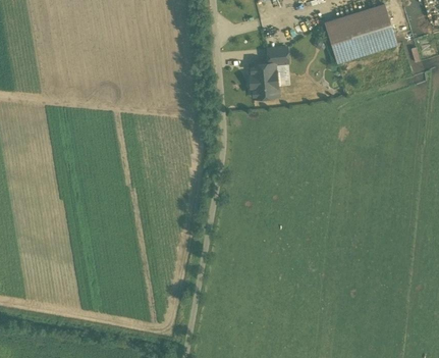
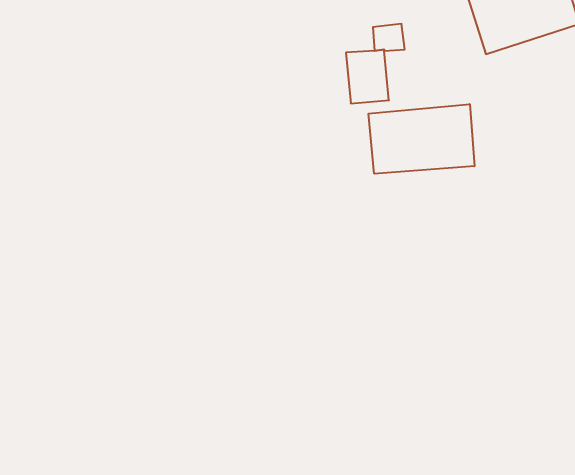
building: none -> [369,104,474,174]

